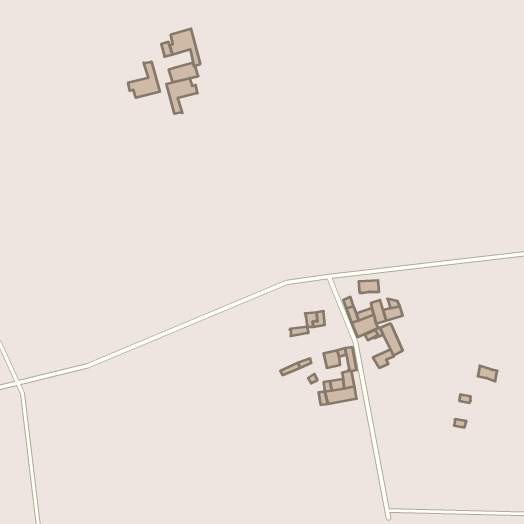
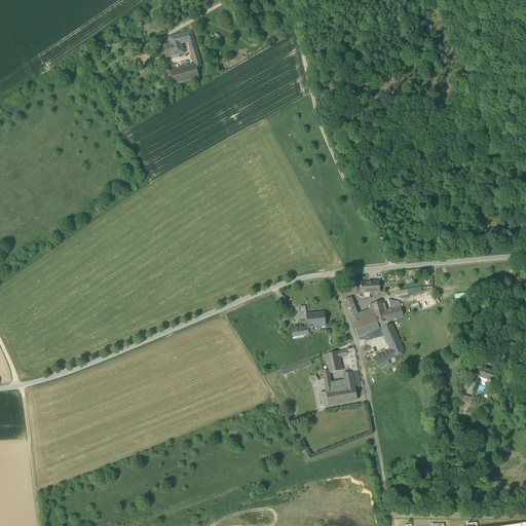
building: [128,62,160,98] -> none
building: [166,78,197,114] -> none

